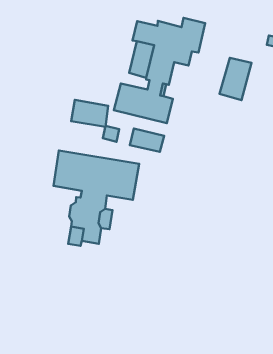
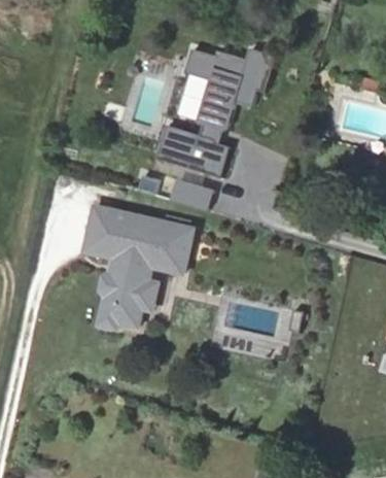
building: [220,58,252,100] -> none
building: [71,100,108,127] -> none

